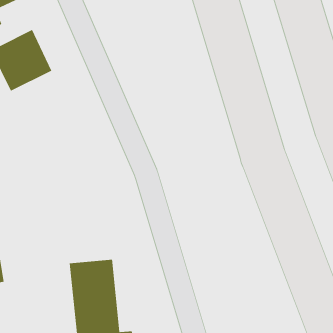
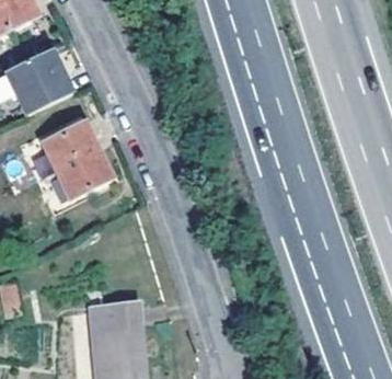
building: none -> [41,122,111,197]

